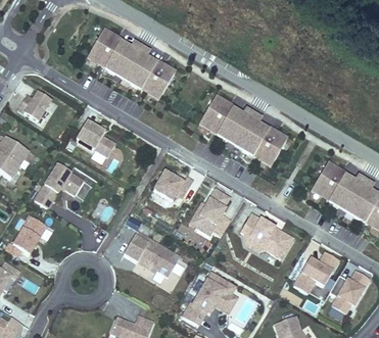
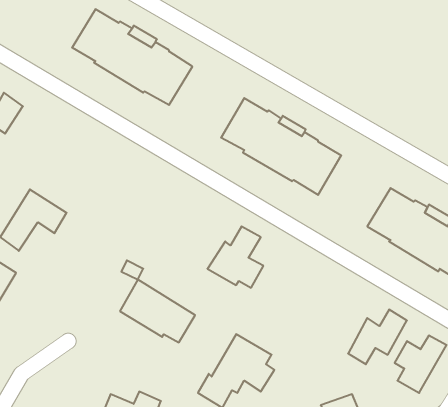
building: [76,119,115,157] -> none
building: [153,168,194,200] -> none
building: [240,212,294,258] -> none

